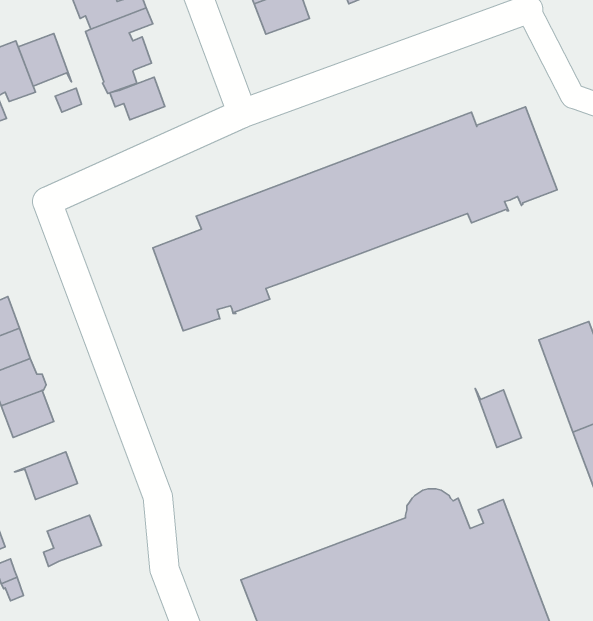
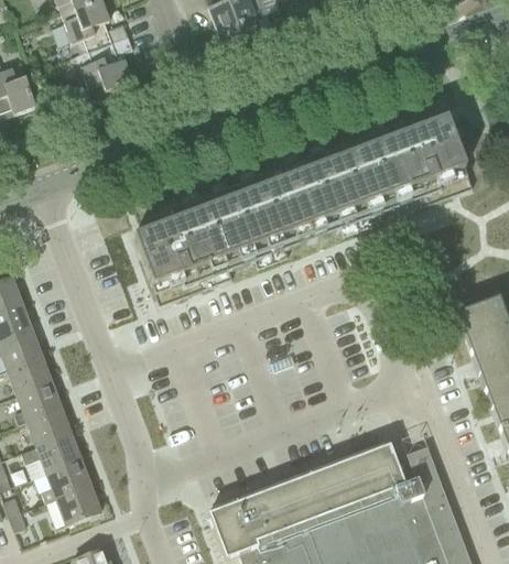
building: [18,33,72,86] -> none
building: [110,77,165,120] -> none
building: [475,388,522,447] -> none
building: none -> [14,380,61,422]
building: none -> [20,432,80,471]
building: none -> [55,484,100,524]

